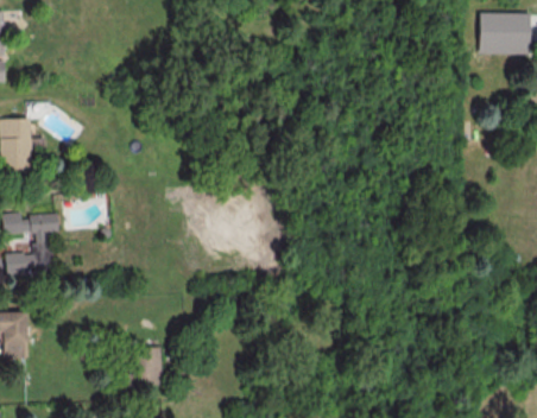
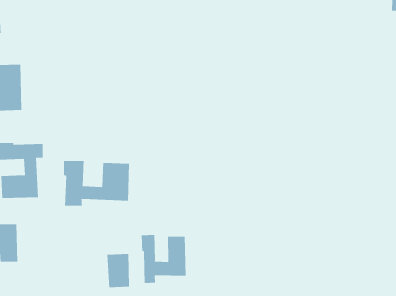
building: none -> [63,160,130,207]
building: none -> [141,234,186,284]

